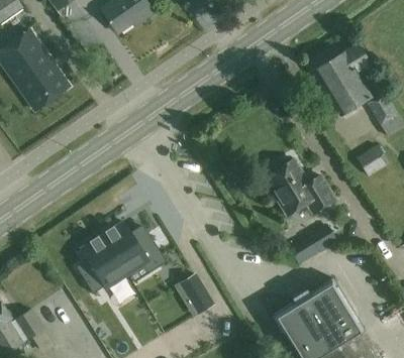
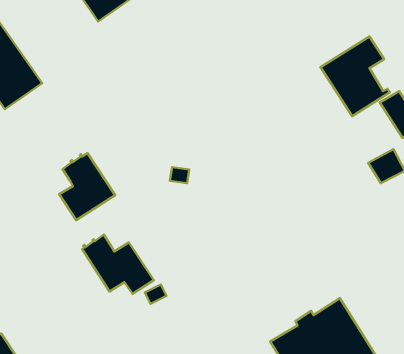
building: [263,159,338,217] -> none
building: [290,226,337,265] -> none
building: [79,234,128,293] -> [59,153,115,220]
building: [177,271,213,314] -> none

